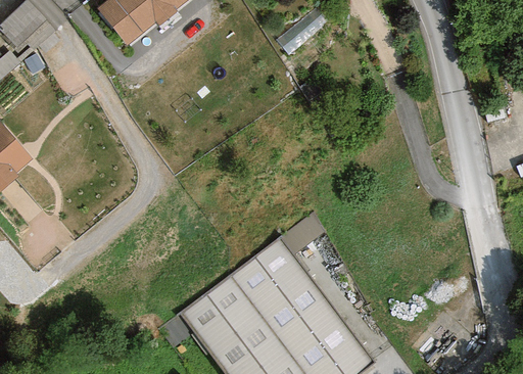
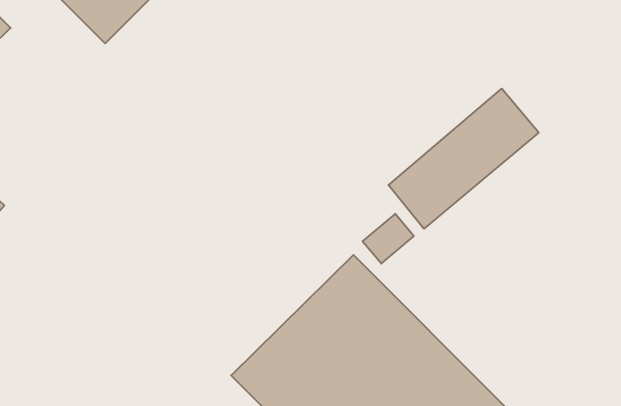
building: none -> [388,89,539,229]

